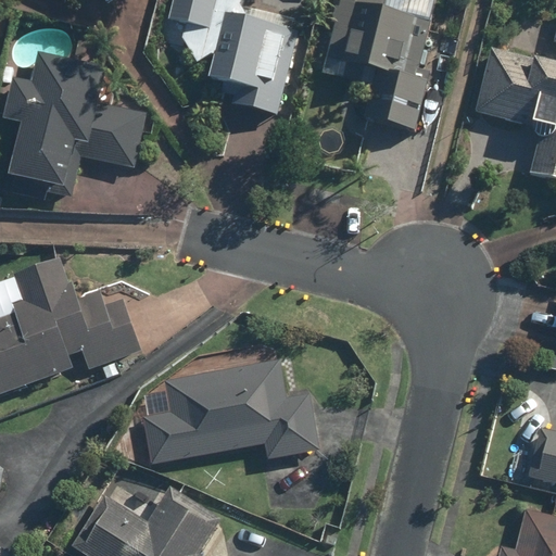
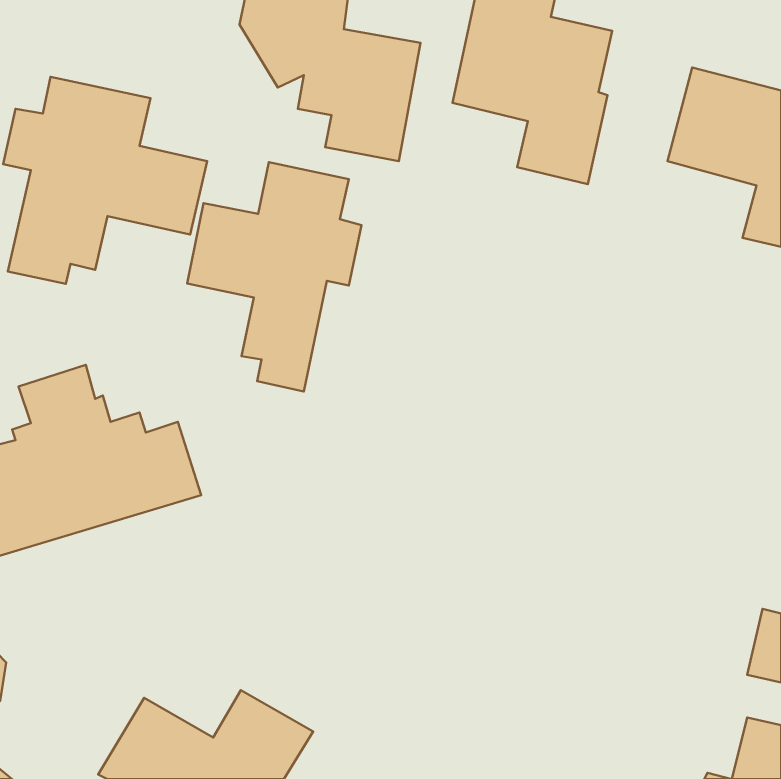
building: none -> [187,162,362,392]
building: [142,363,319,462] -> none

